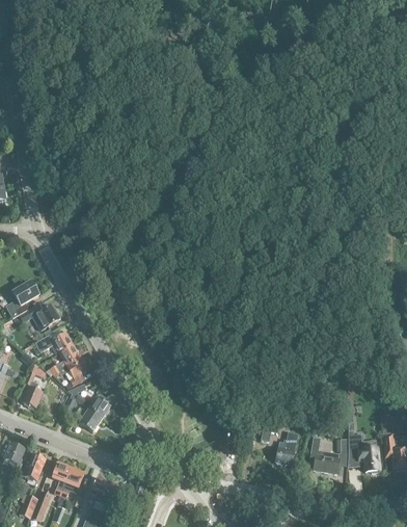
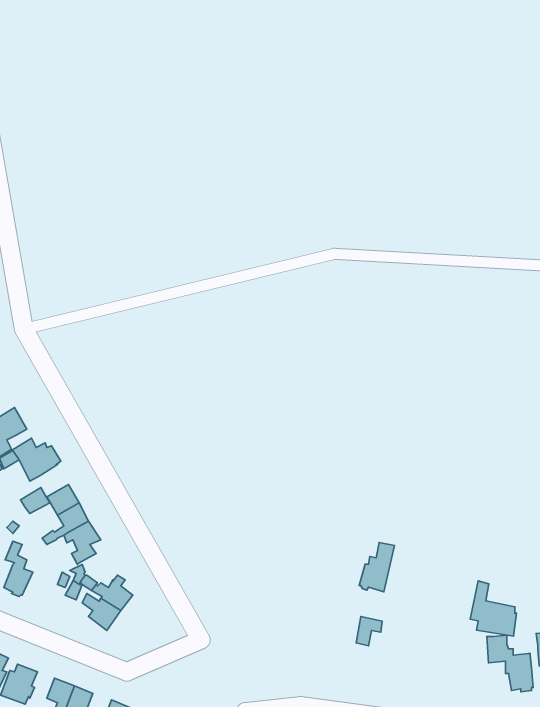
building: [274,431,298,465] -> [359,543,395,592]
building: [308,436,340,473] -> [470,581,516,636]

